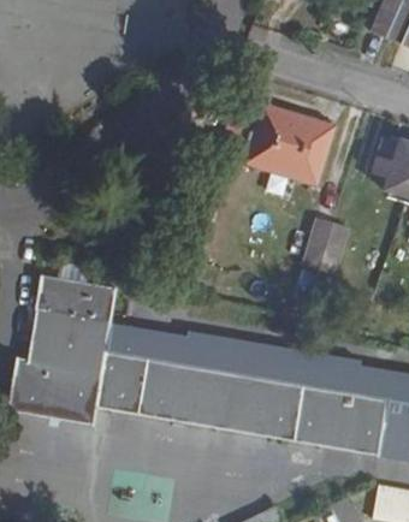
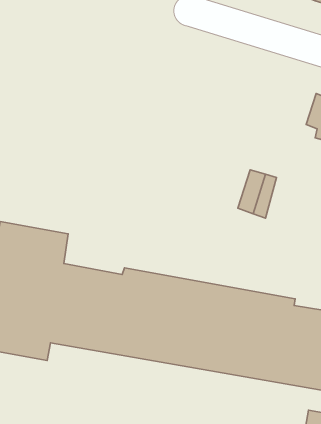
building: [244,107,336,189] -> none

